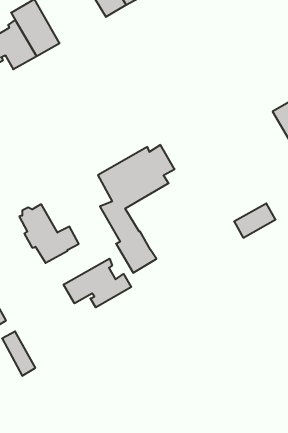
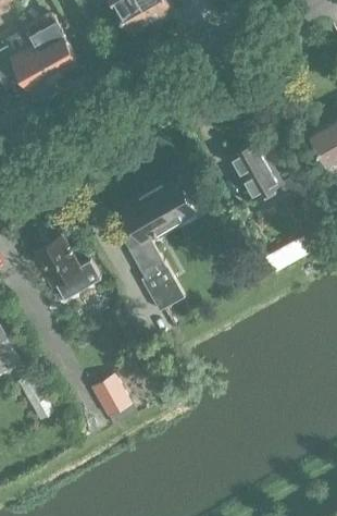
building: none -> [227,138,280,197]
building: [64,259,131,307] -> none
building: none -> [90,373,133,417]

